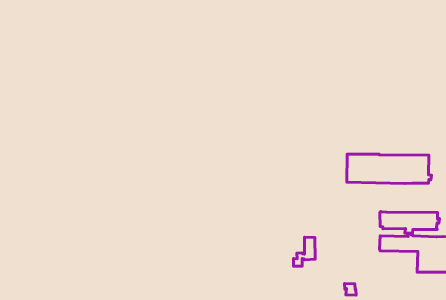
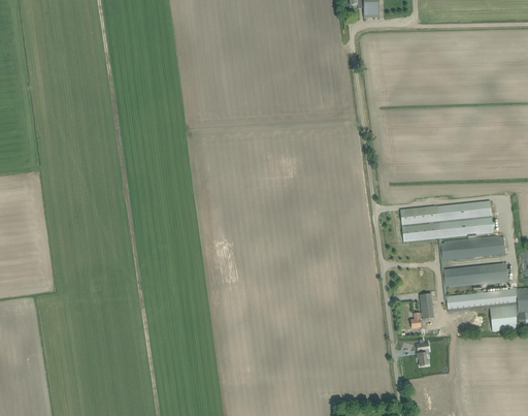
building: none -> [441,233,505,259]
building: [294,237,315,266] -> [410,293,434,327]

